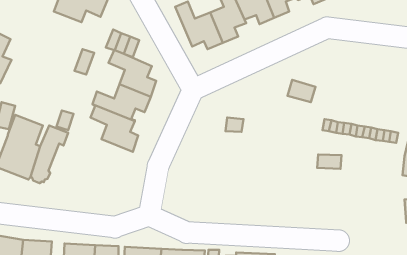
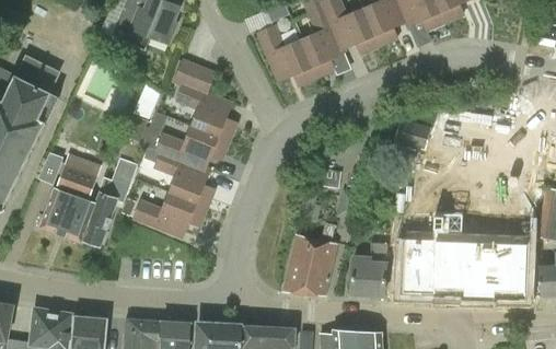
building: none -> [136,193,207,235]
building: none -> [285,223,336,295]
building: none -> [401,236,528,296]
building: none -> [350,243,386,294]

